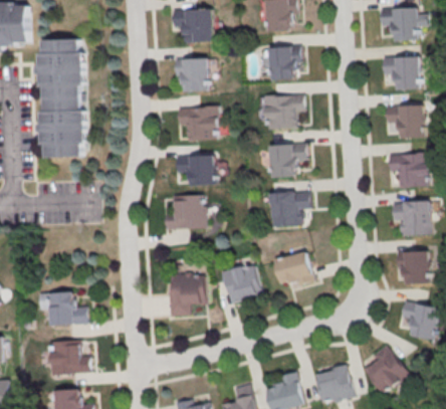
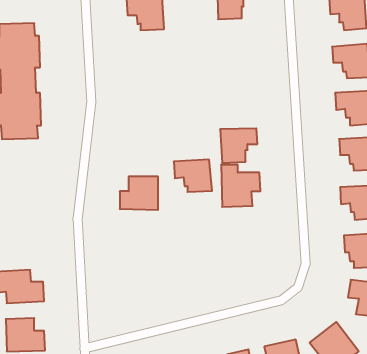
building: [268,46,301,81] -> none
building: [175,59,209,93] -> none
building: [271,96,303,132] -> none
building: [179,107,217,141] -> none
building: [176,156,215,189] -> [174,160,212,192]
building: [273,249,314,287] -> none
building: [220,260,261,301] -> none
building: [168,270,205,315] -> none

